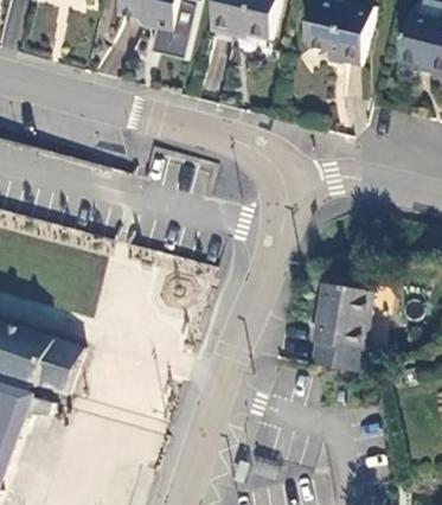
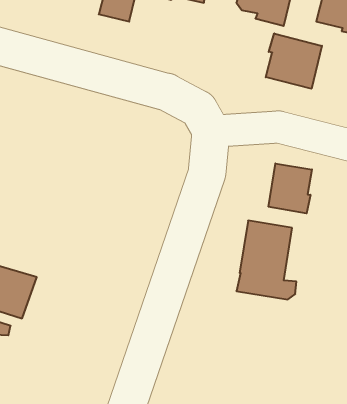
building: none -> [266,33,322,89]
building: none -> [269,163,312,213]

